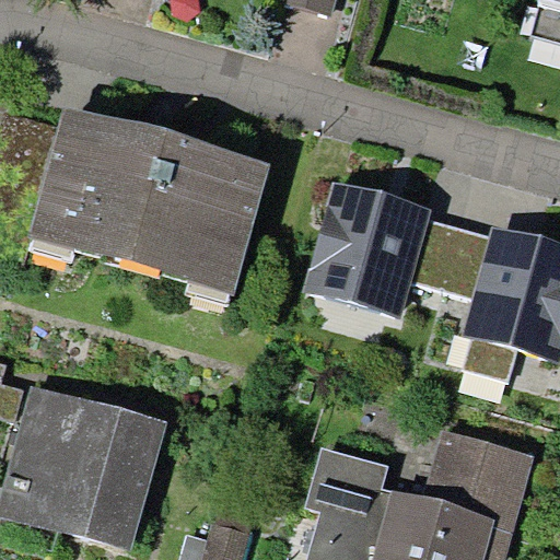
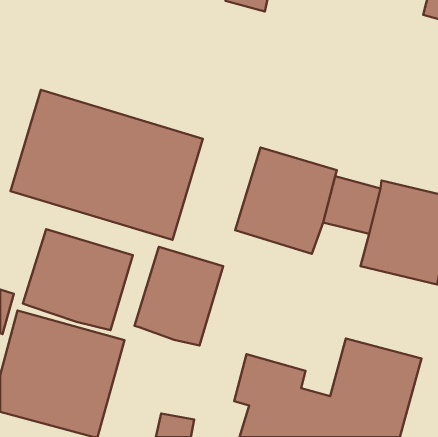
building: none -> [23,229,133,330]
building: none -> [135,247,223,346]

